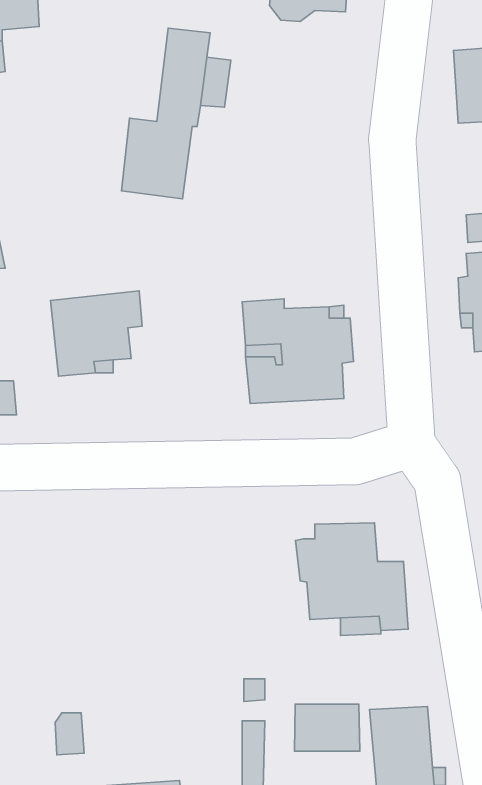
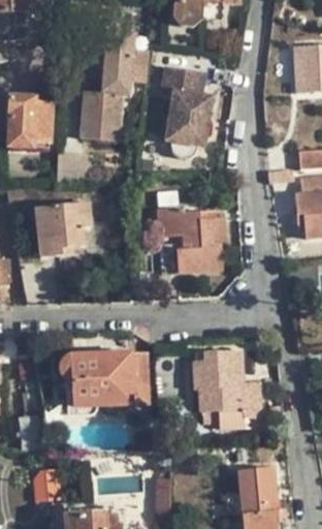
building: none -> [159,67,212,158]
building: none -> [9,95,50,147]
building: none -> [58,350,149,405]
building: [295,704,360,751] -> none

